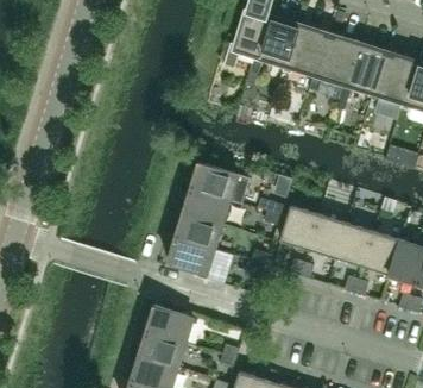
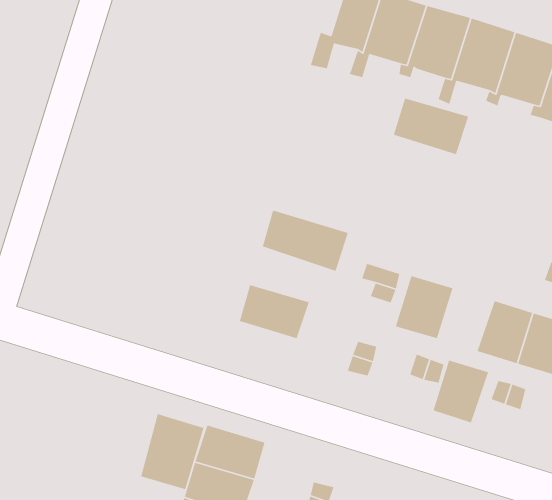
building: none -> [393,98,469,155]
building: [183,187,231,224] -> none
building: [309,214,347,257] -> [432,359,489,423]
building: [168,237,215,274] -> none
building: none -> [140,413,204,490]

